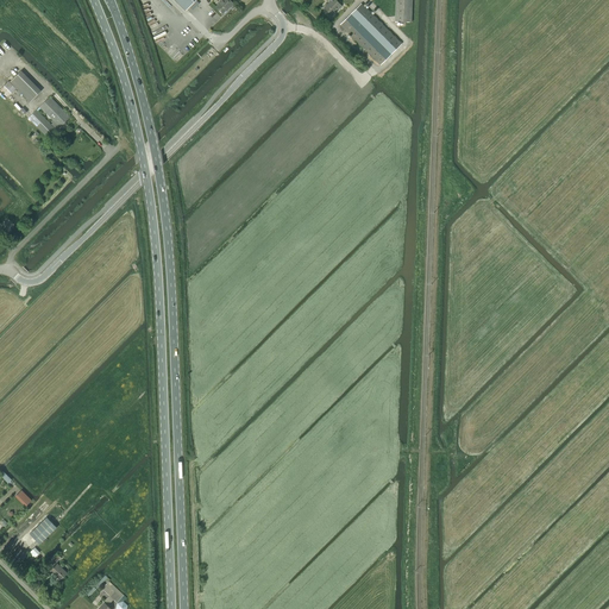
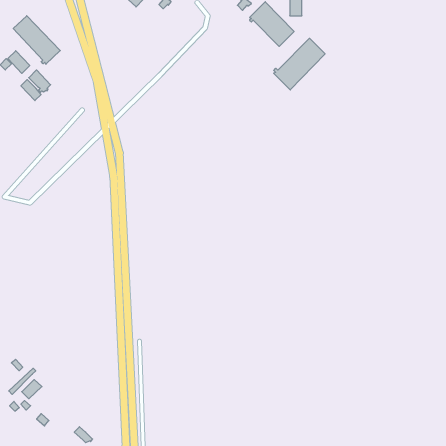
building: none -> [13,16,60,64]
building: none -> [274,38,325,90]

